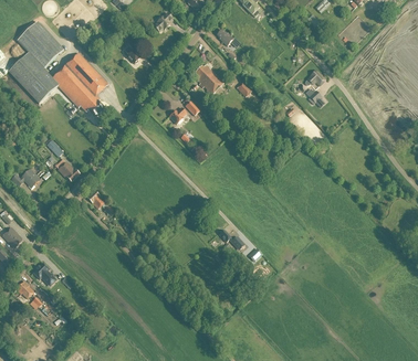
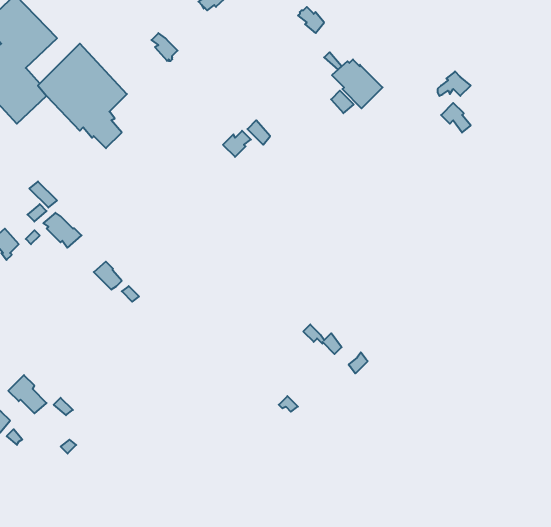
building: [191,64,223,95] -> [332,59,383,108]

